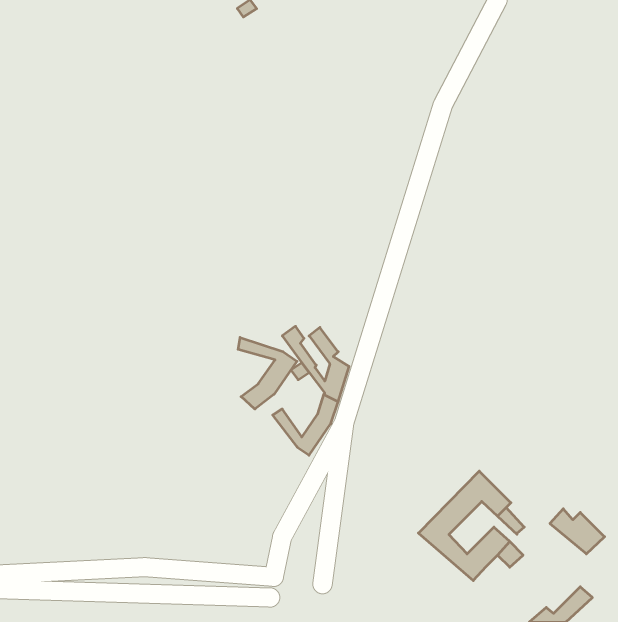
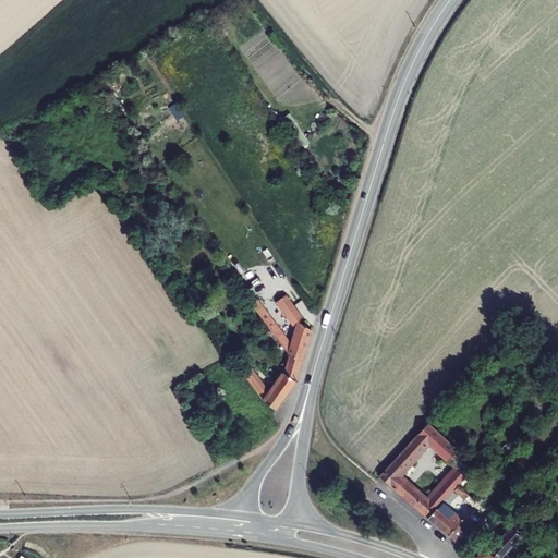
building: [238,337,297,409] -> none
building: [550,509,605,554] -> [424,507,473,547]

